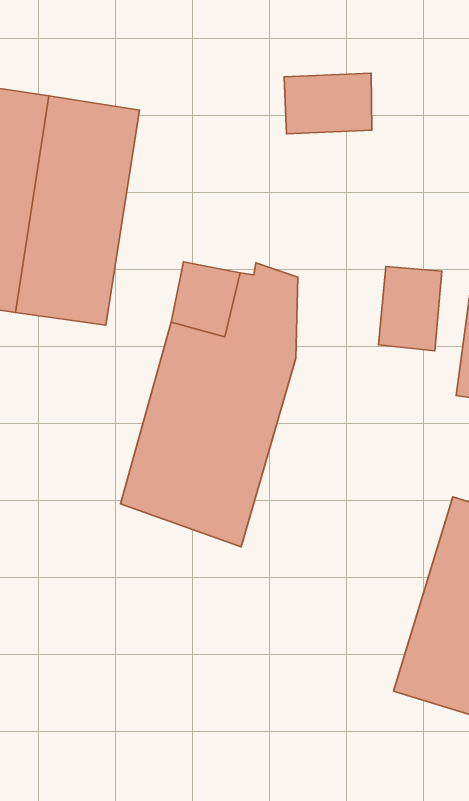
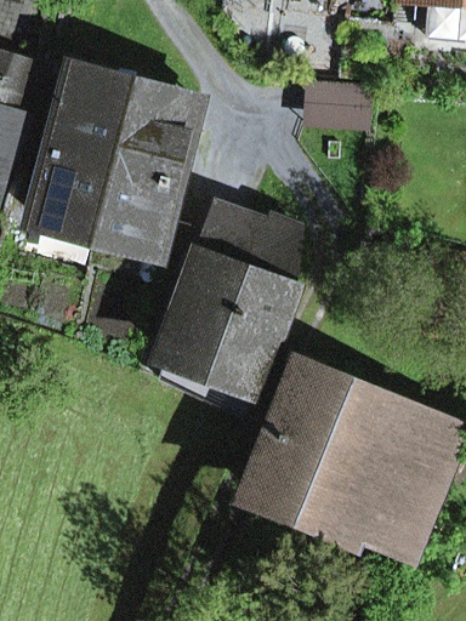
building: none -> [250,358,396,531]

